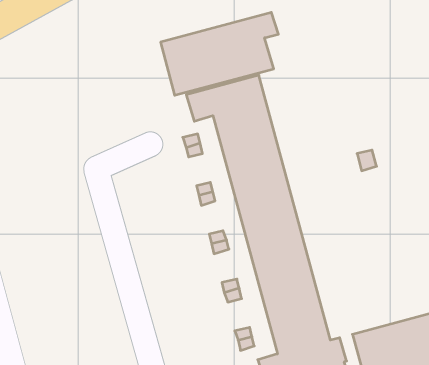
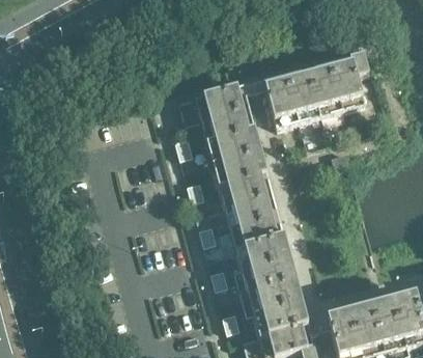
building: [161,12,278,95] -> [263,48,369,122]

